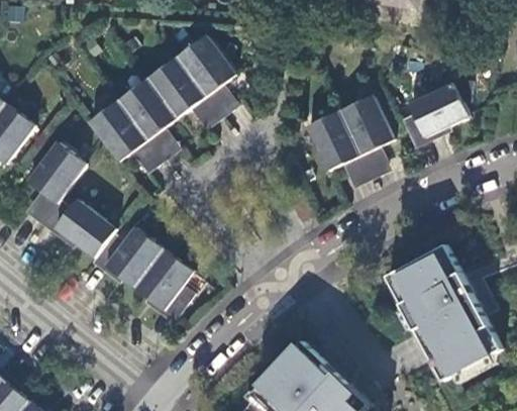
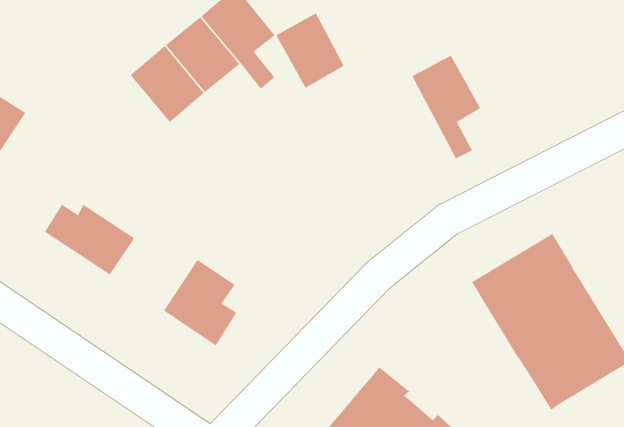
building: [400,84,469,147] -> none
building: [89,101,163,170] -> none
building: [308,114,361,174] -> [275,13,345,88]
building: [27,142,86,221] -> none
building: [94,227,164,289] -> none

